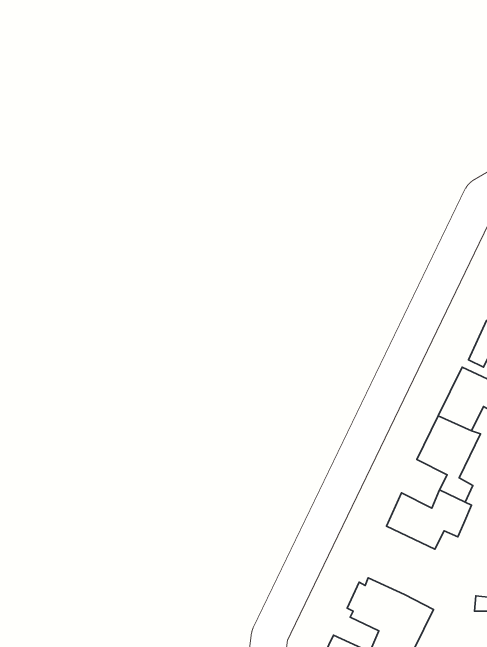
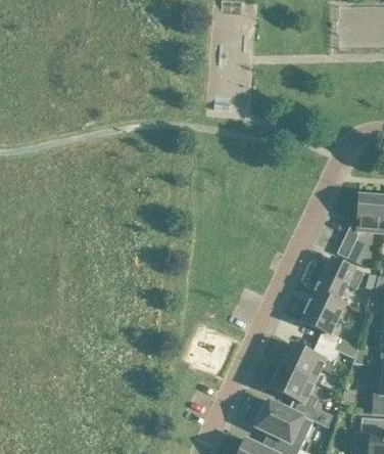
building: none -> [270,365,333,427]

